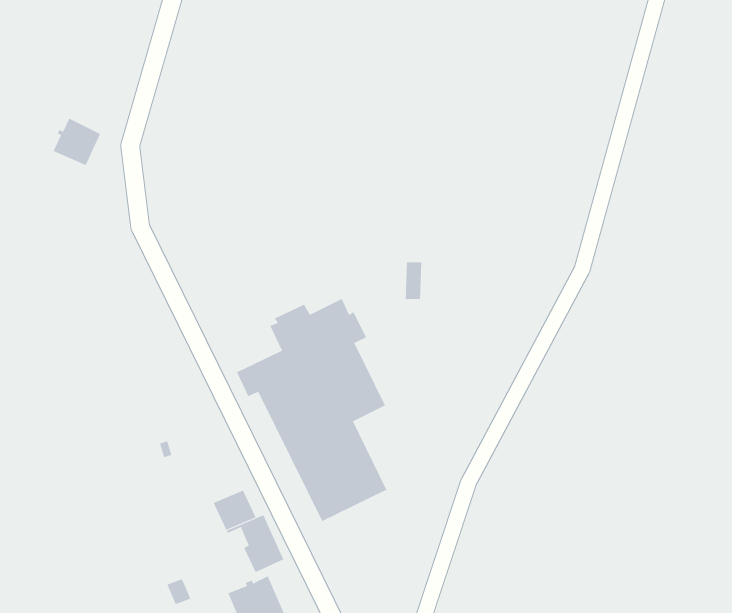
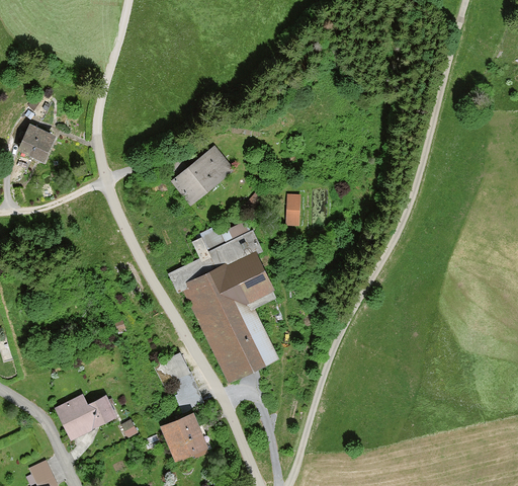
building: [53,118,101,166] -> [19,126,53,159]
building: none -> [175,150,231,200]
building: none -> [59,396,115,436]

